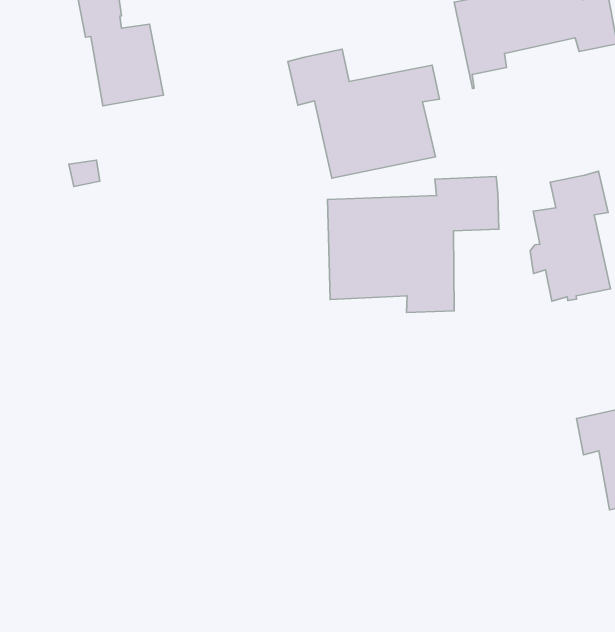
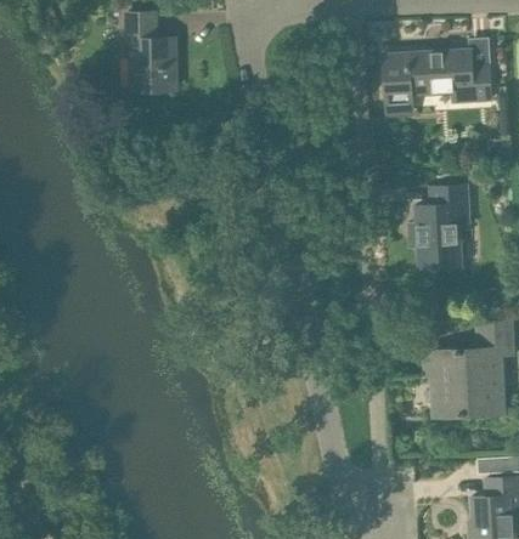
building: [288,49,440,178] -> none
building: [327,177,499,312] -> none

